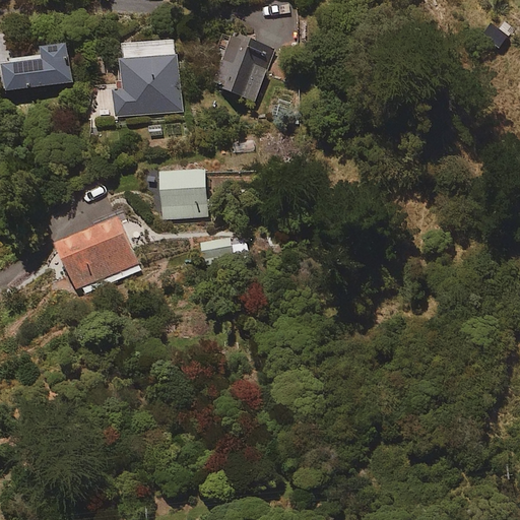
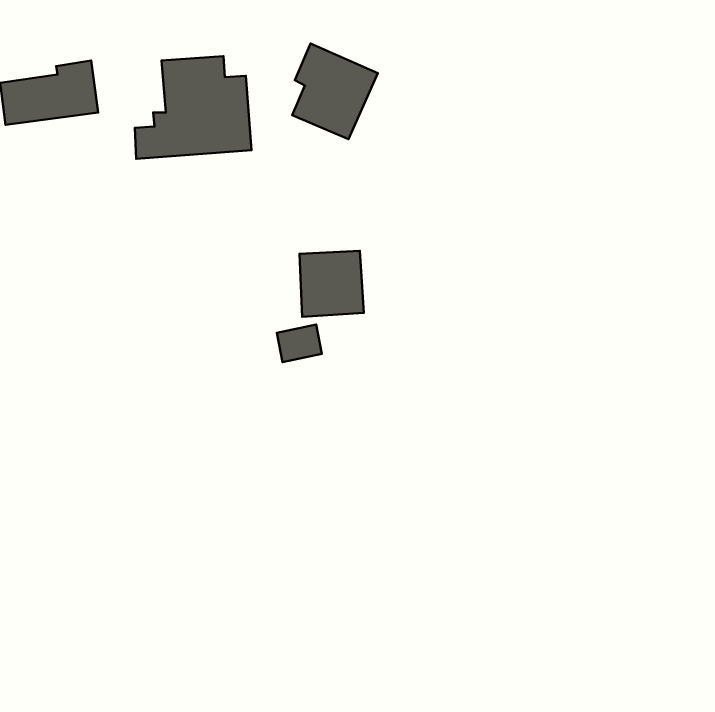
building: [159,169,206,216] -> [299,251,364,317]
building: [57,217,139,292] -> none

